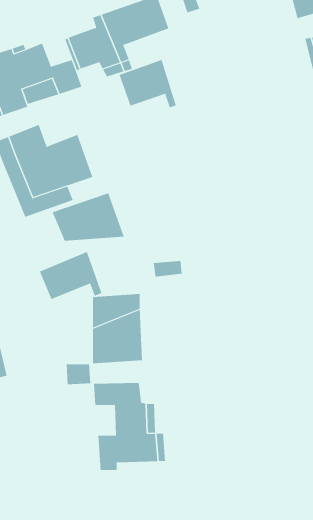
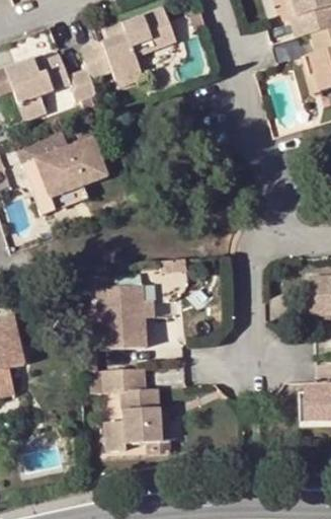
building: [119,59,176,108] -> none
building: [52,193,124,242] -> none
building: [39,251,102,300] -> none

